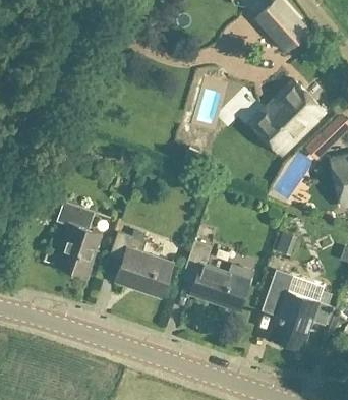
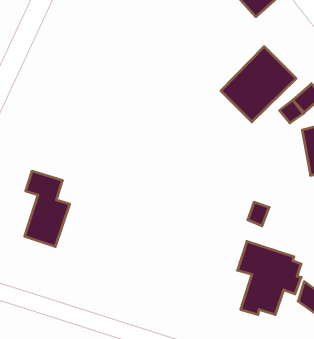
building: [110,232,173,297] -> none
building: [182,242,252,312] -> none

